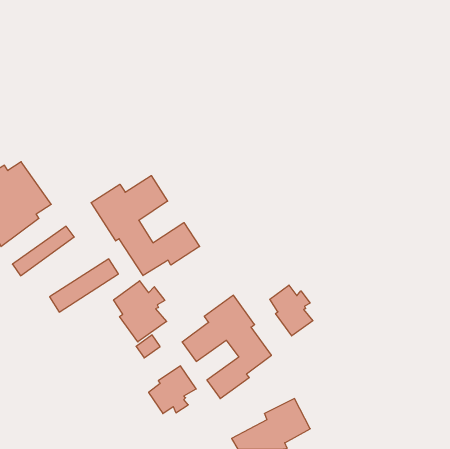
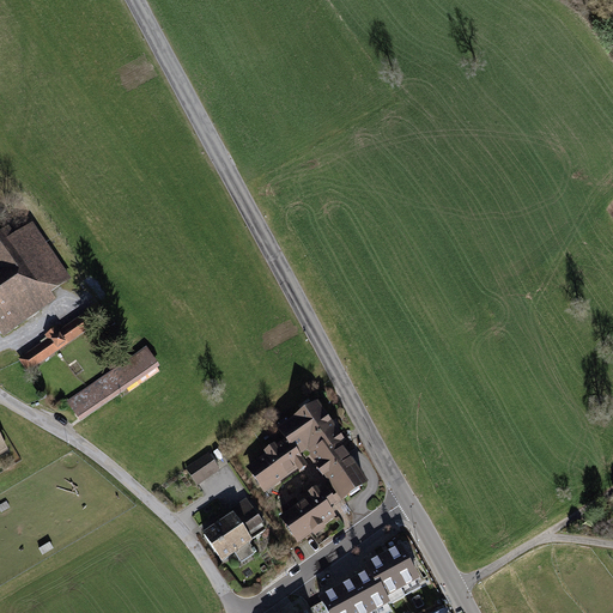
building: [91,176,200,276] -> none
building: [114,281,167,342] -> none
building: [270,285,313,336] -> none

